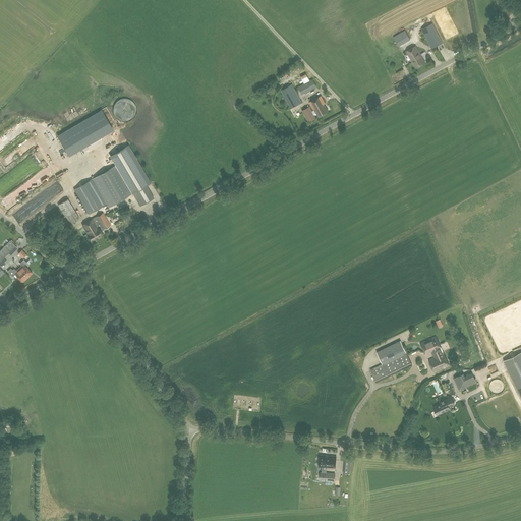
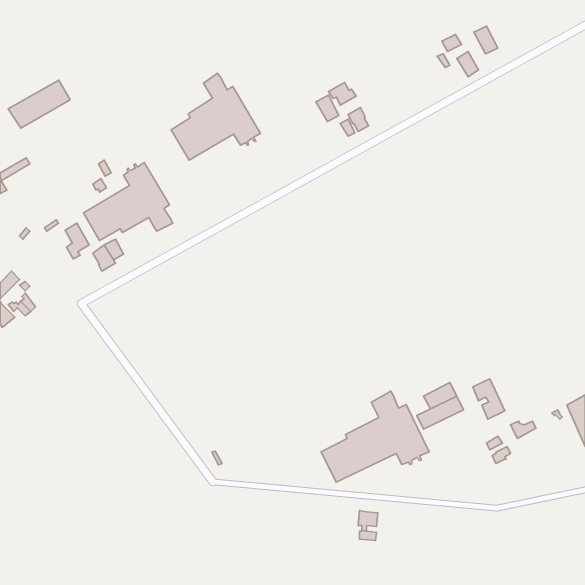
building: none -> [171,73,261,160]
building: [57,110,112,153] -> [8,80,70,128]
building: none -> [321,391,429,482]

